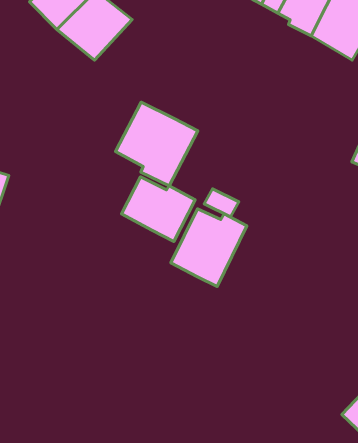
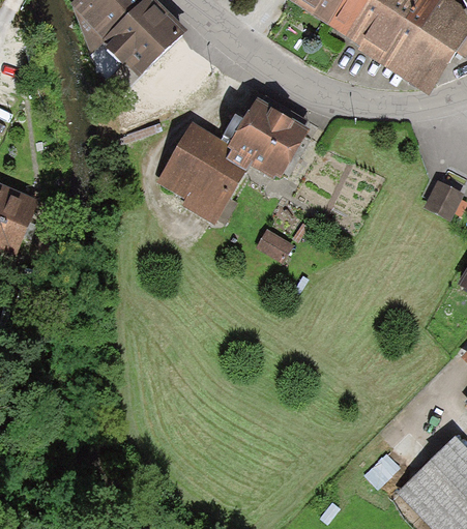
building: none -> [226,98,308,178]
building: [121,177,195,242] -> none
building: [171,209,247,286] -> none

